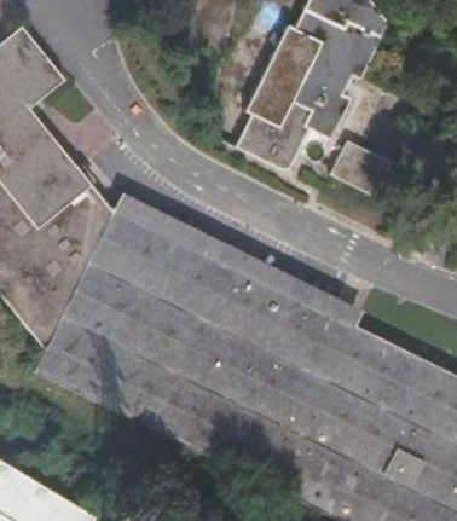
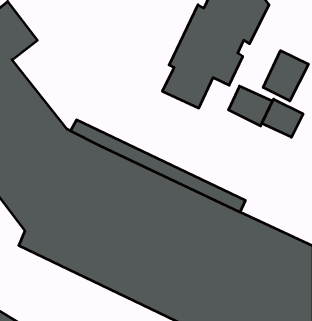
building: none -> [263,51,308,101]
building: none -> [262,99,303,137]

